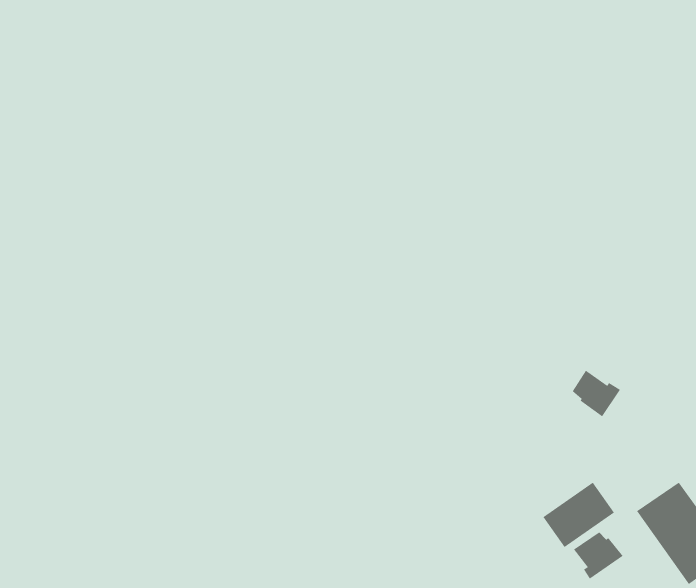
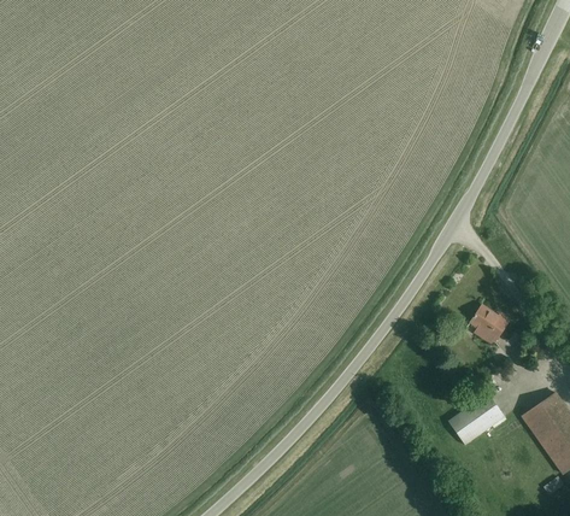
building: [573,531,623,579] -> none

